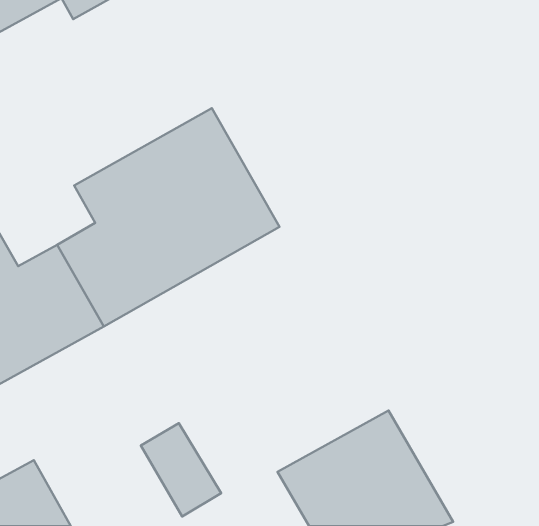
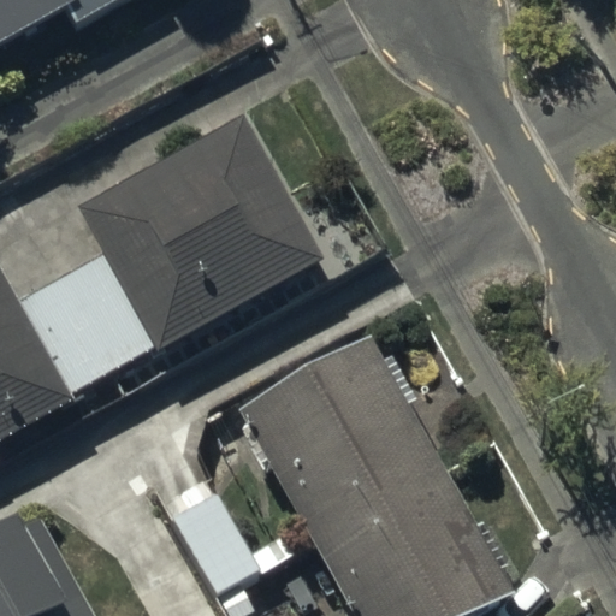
building: none -> [245,340,442,535]

